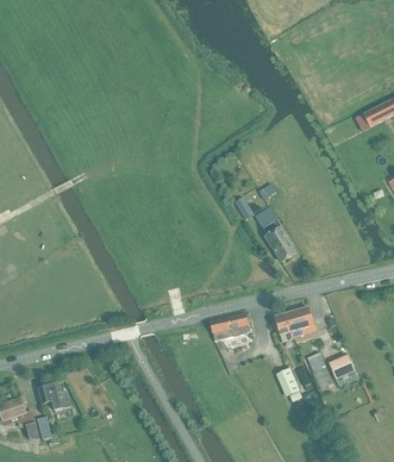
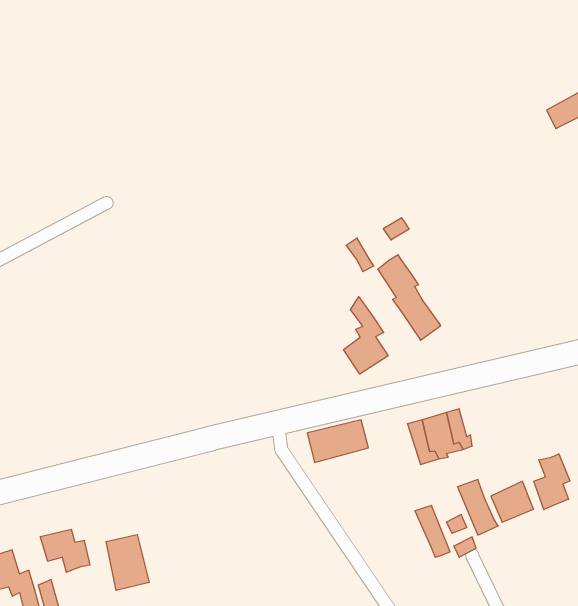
building: none -> [343,297,388,374]
building: none -> [534,454,570,510]
building: none -> [106,535,149,590]

